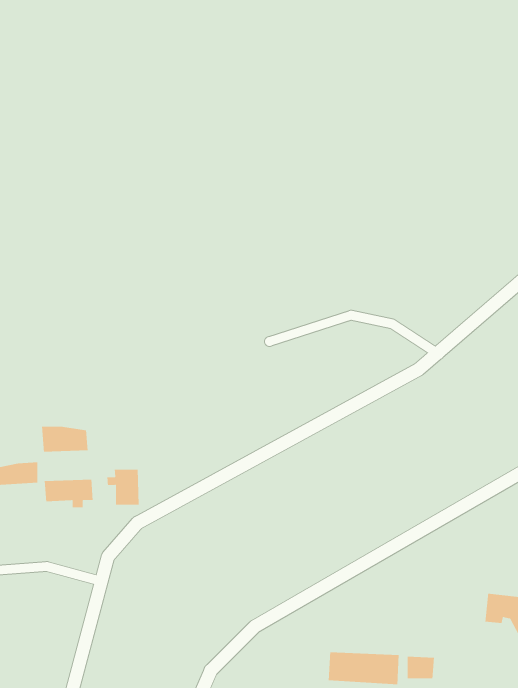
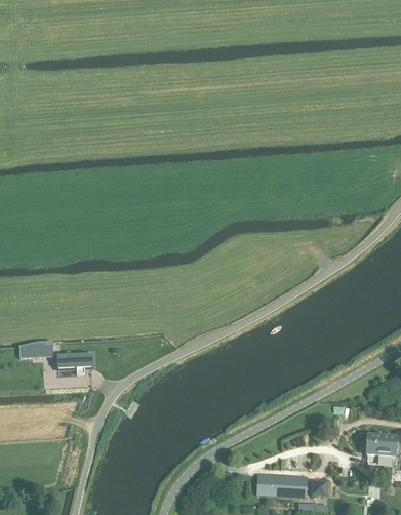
building: [41,426,89,452] -> none
building: [106,469,140,505] -> none

